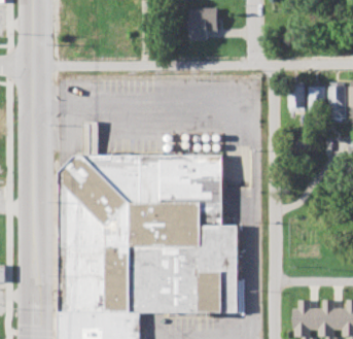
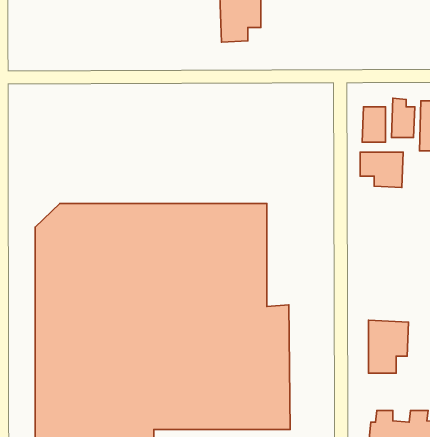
building: none -> [360,152,403,187]
building: none -> [368,320,409,373]

